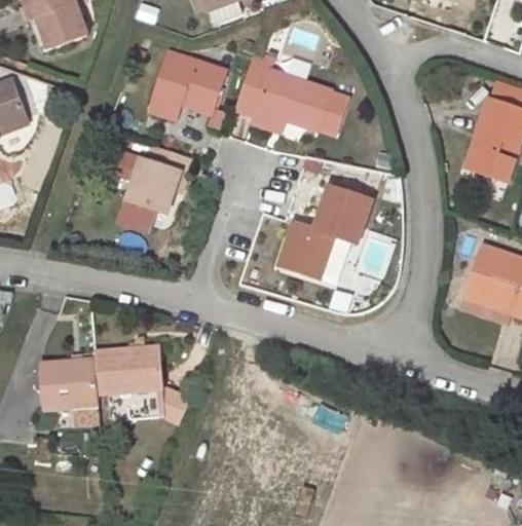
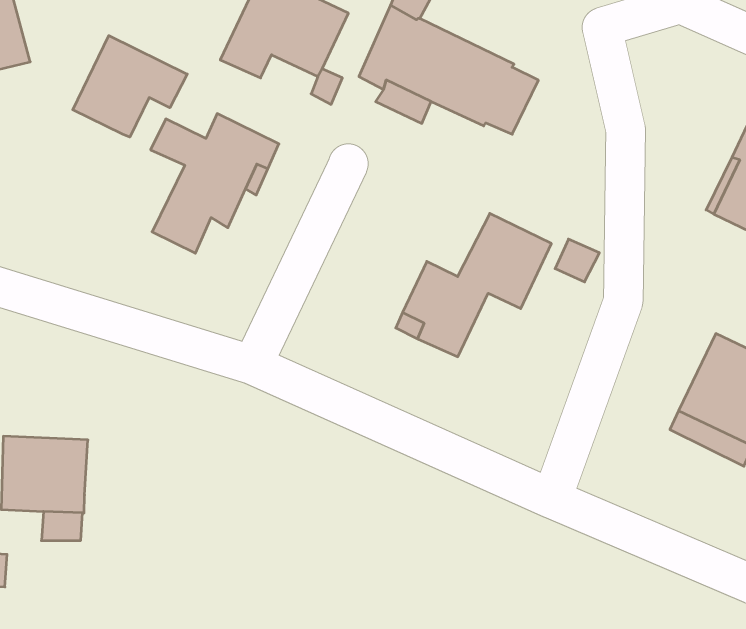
building: none -> [73,36,187,137]
building: [92,344,188,422] -> none

